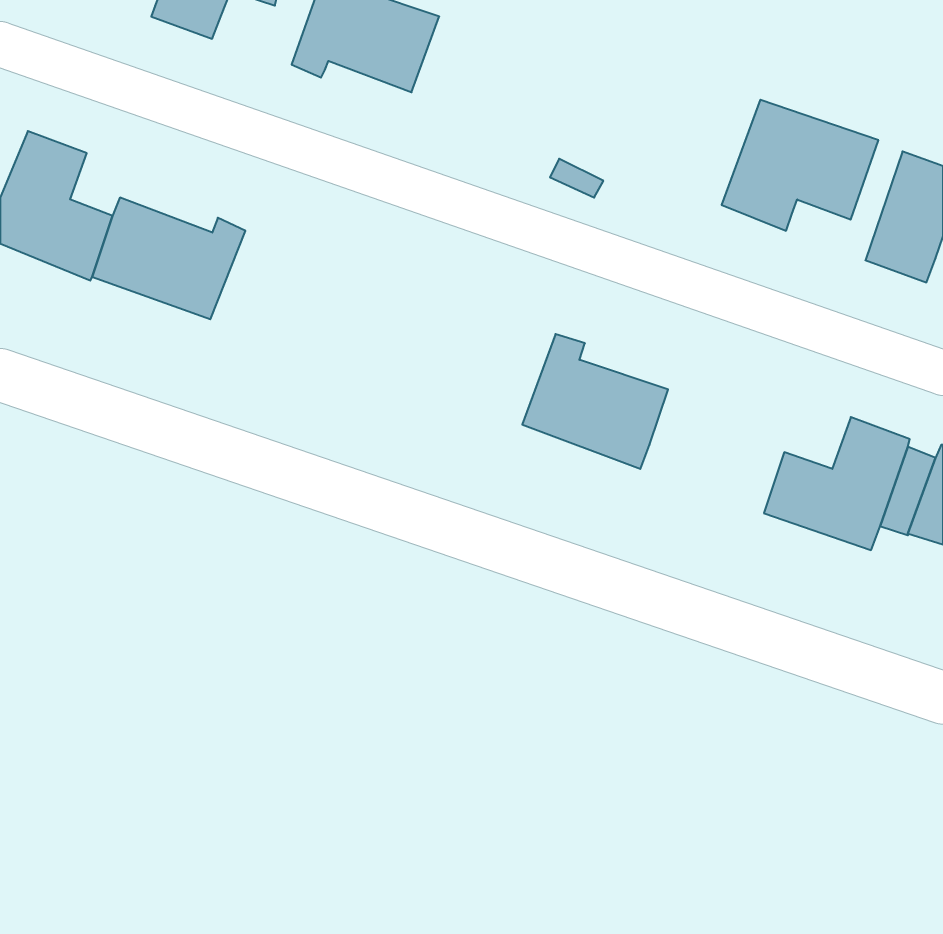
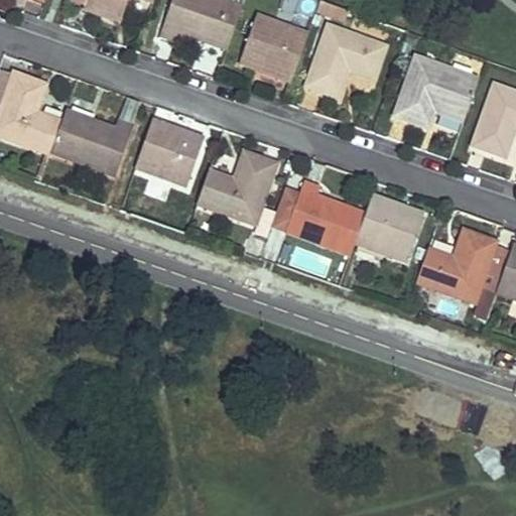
building: none -> [240,13,308,79]
building: none -> [306,23,387,96]
building: none -> [134,118,204,186]
building: none -> [197,152,277,225]
building: none -> [355,194,425,261]

